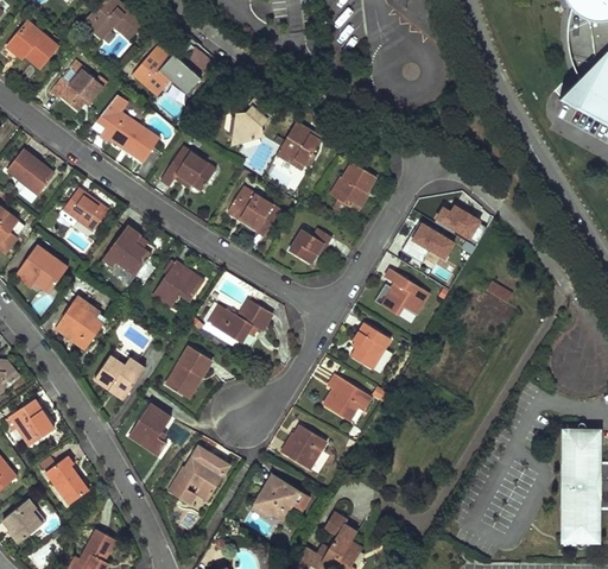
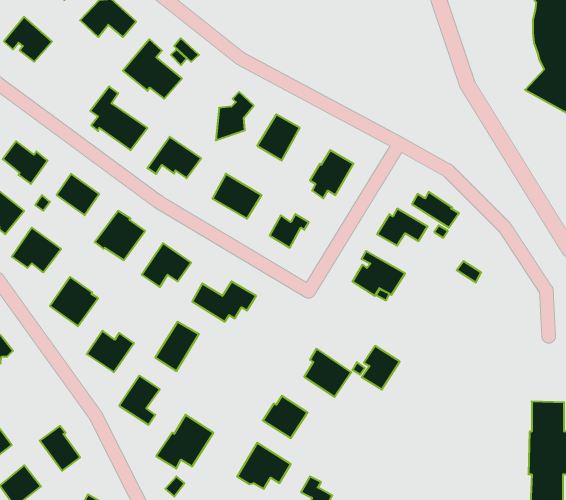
building: [51,62,107,112] -> none
building: [354,322,394,368] -> [362,346,400,390]
building: [8,399,51,444] -> none

